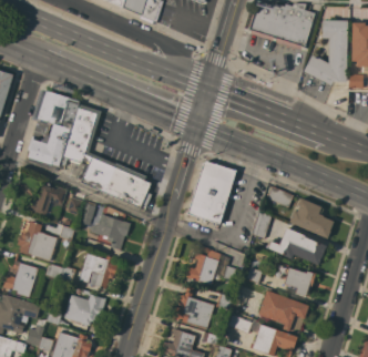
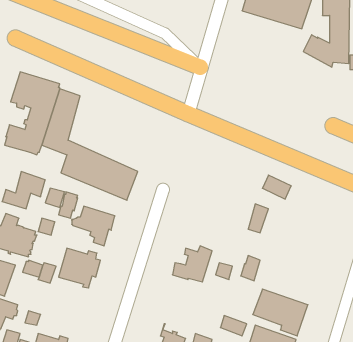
building: [187,161,236,230] -> none
building: [288,197,334,238] -> none
building: [266,227,326,265] -> none
building: [274,264,316,296] -> none
building: [171,286,228,329] -> none
building: [64,294,105,326] -> none

